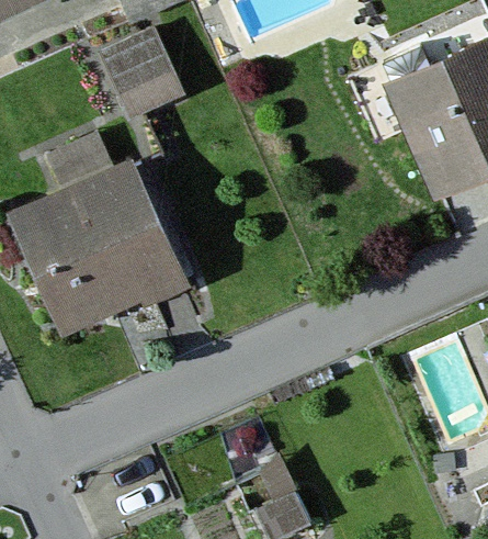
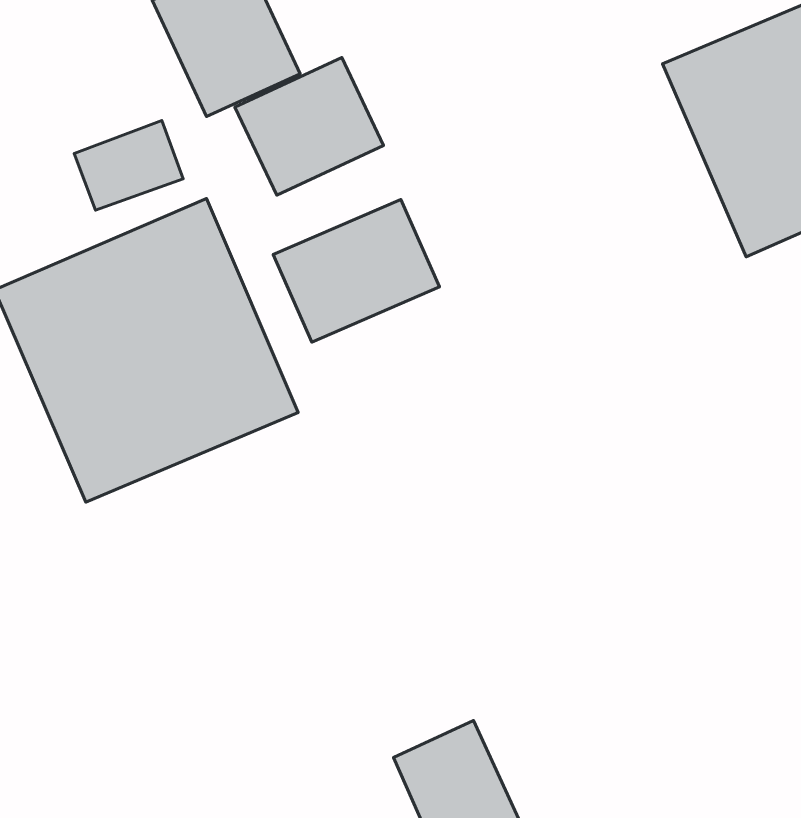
building: none -> [235,57,384,195]
building: none -> [273,200,439,342]

